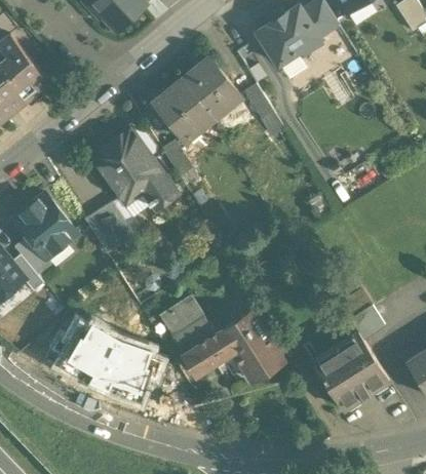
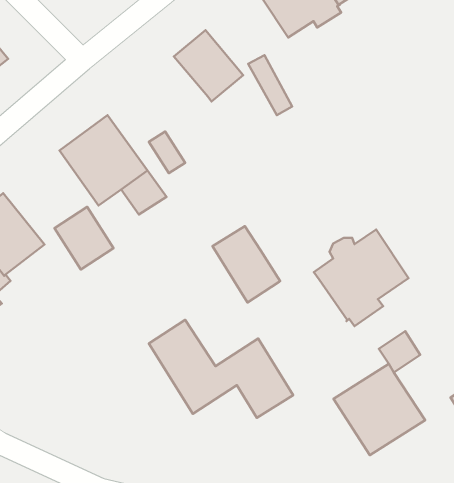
building: [155,80,211,141] -> none
building: none -> [212,226,280,302]
building: none -> [314,229,409,326]
building: [51,320,161,401] -> none

